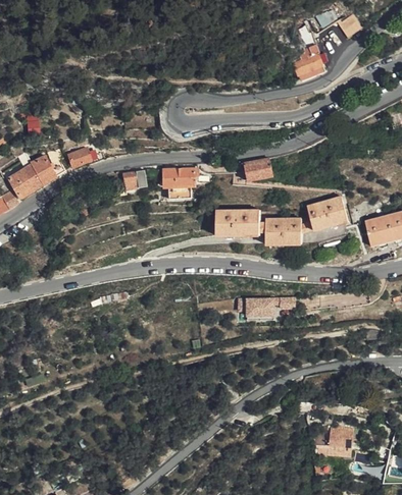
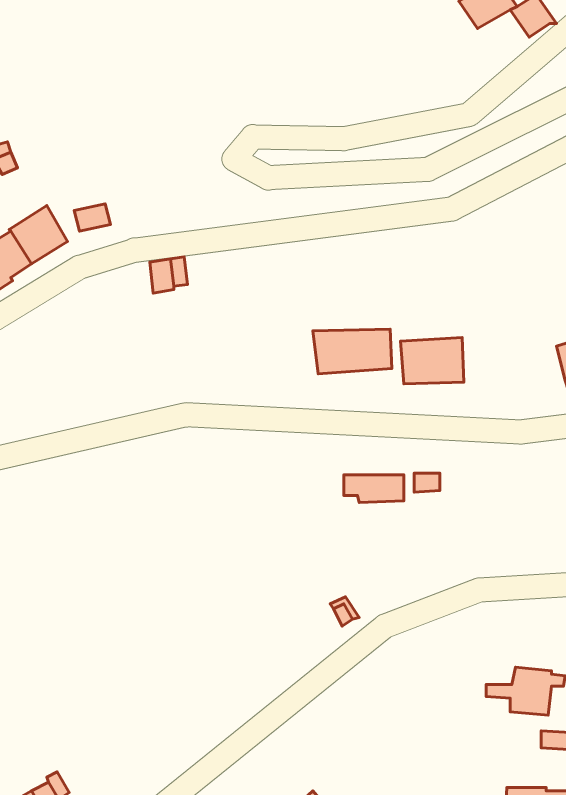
building: [291,35,324,81] -> none
building: [240,158,269,181] -> none
building: [162,169,198,198] -> none
building: [312,198,352,232] -> none

